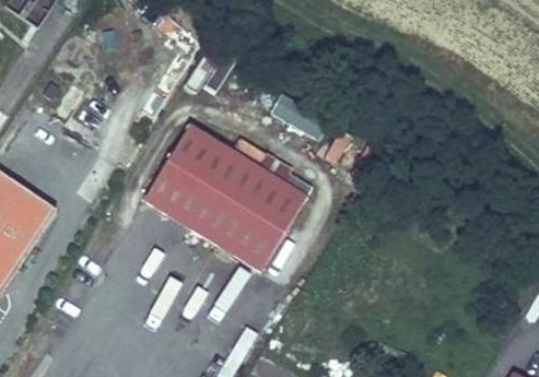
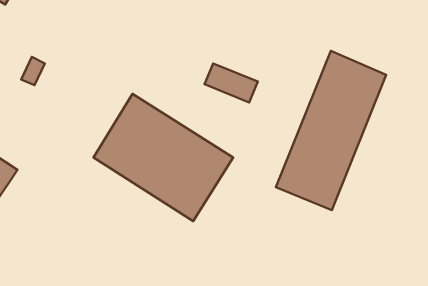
building: none -> [276,51,386,210]

